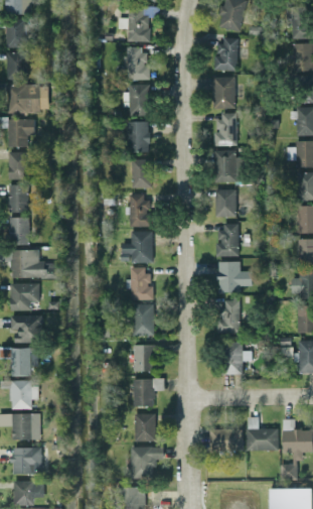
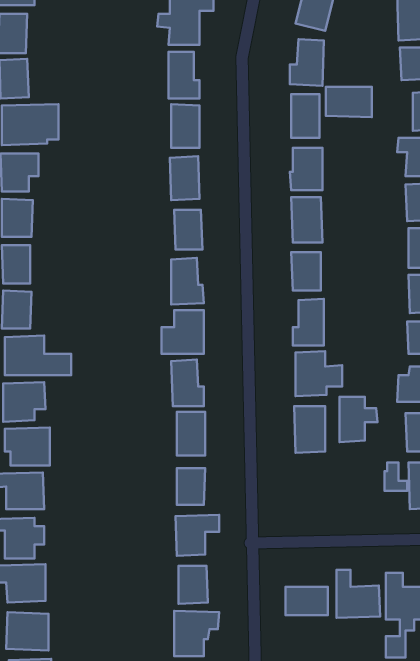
building: none -> [326,87,372,117]
building: [223,342,251,374] -> [339,397,378,442]

